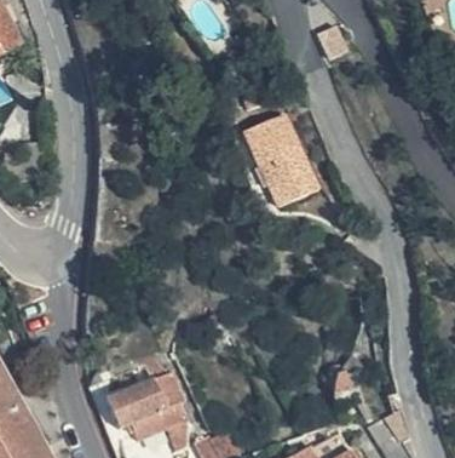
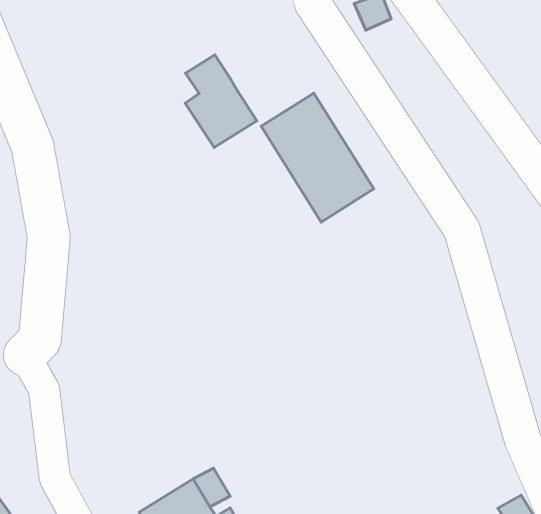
building: none -> [185,55,257,148]

